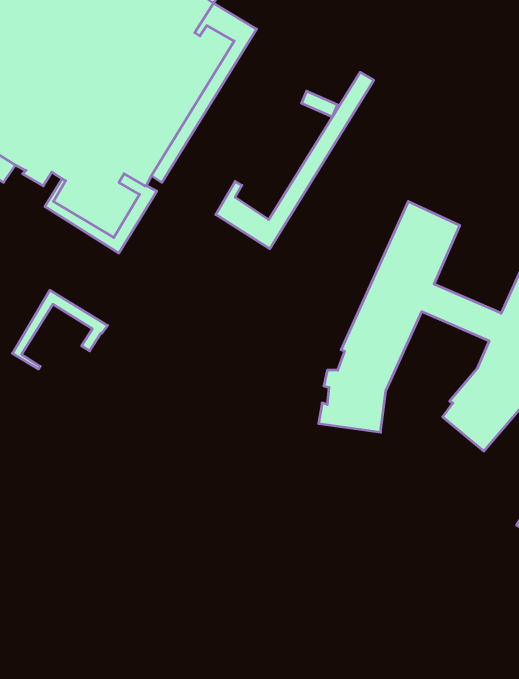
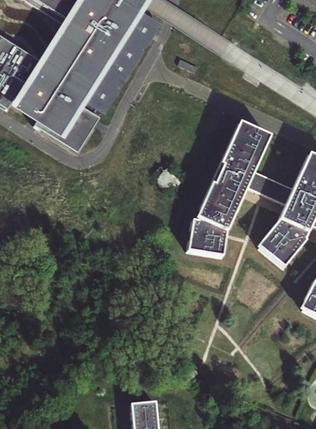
building: [216,72,374,249] -> none
building: [12,290,108,369] -> none

